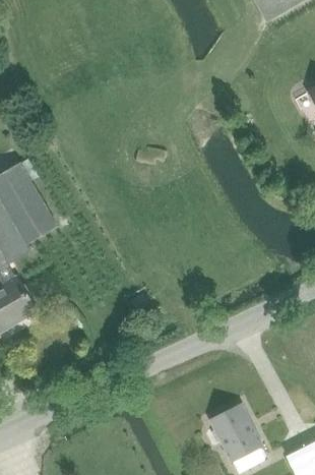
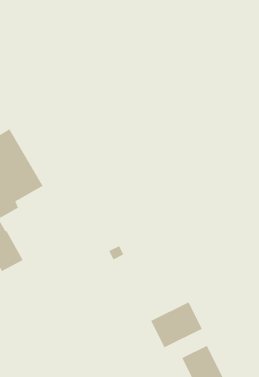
building: none -> [150,301,203,348]

